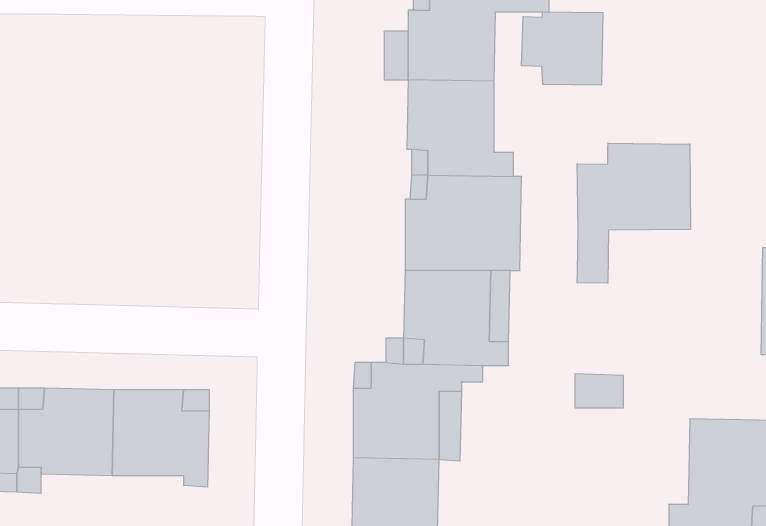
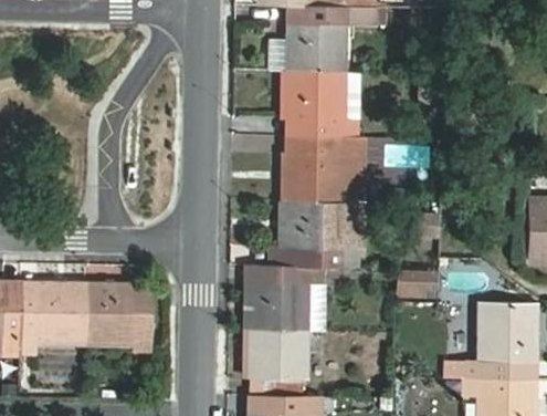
building: [522,12,603,85] -> none
building: [577,143,690,283] -> none

